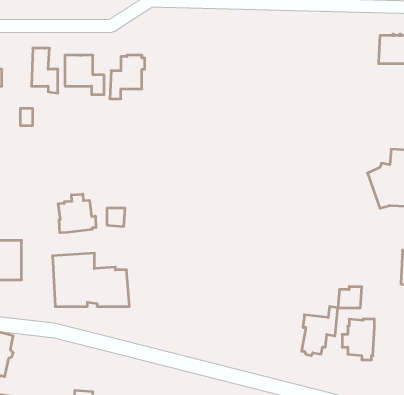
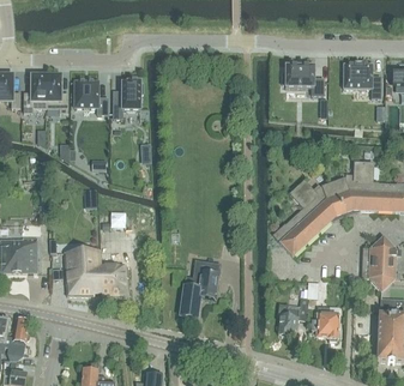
building: none -> [282,65,324,94]
building: none -> [24,74,47,111]
building: none -> [273,179,344,254]
building: [58,194,96,233] -> none
building: none -> [180,260,221,318]

